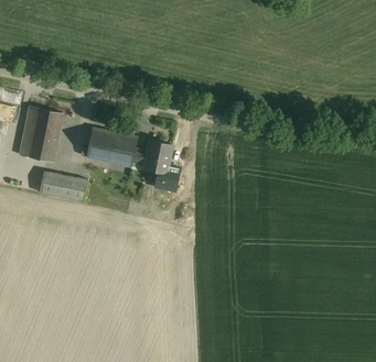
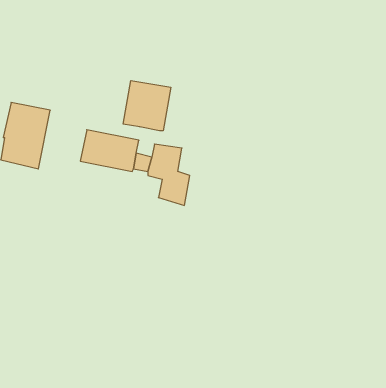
building: none -> [123,81,171,131]
building: [40,171,87,201] -> none

